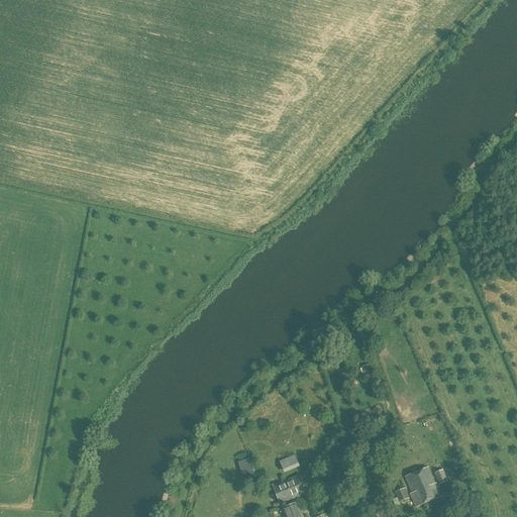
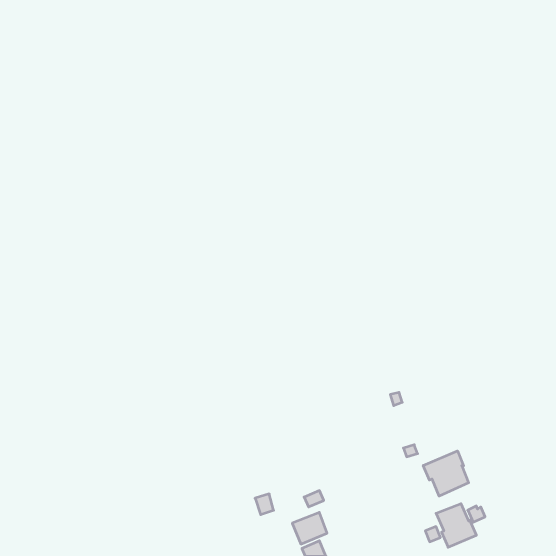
building: none -> [423,451,469,496]

